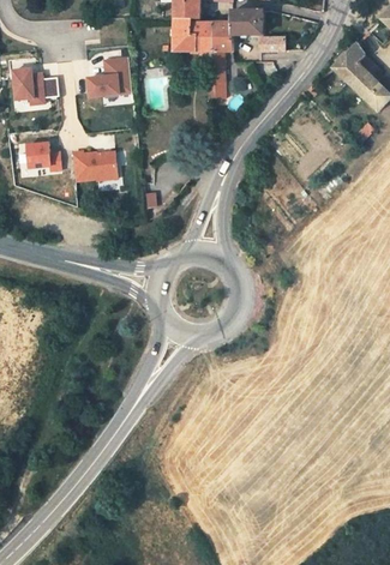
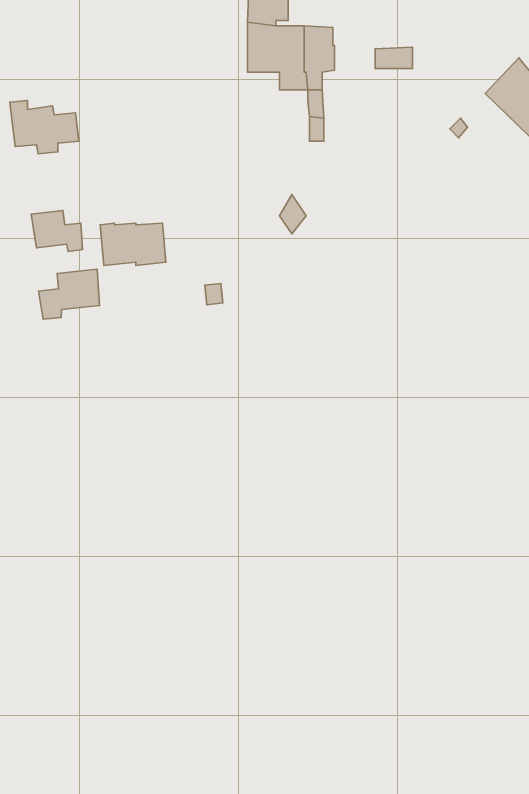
building: [230,10,263,34] -> none
building: [86,60,130,98] -> none
building: none -> [39,269,99,319]

